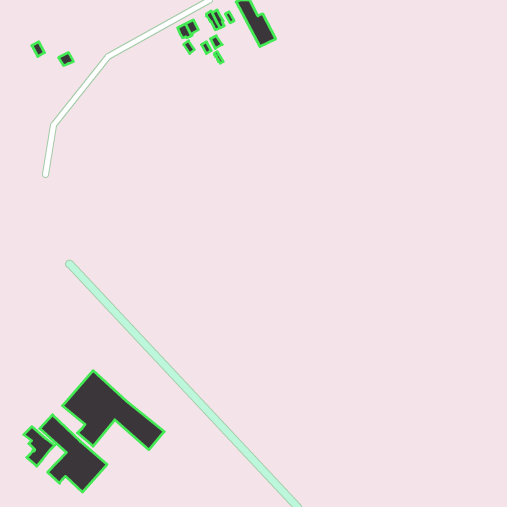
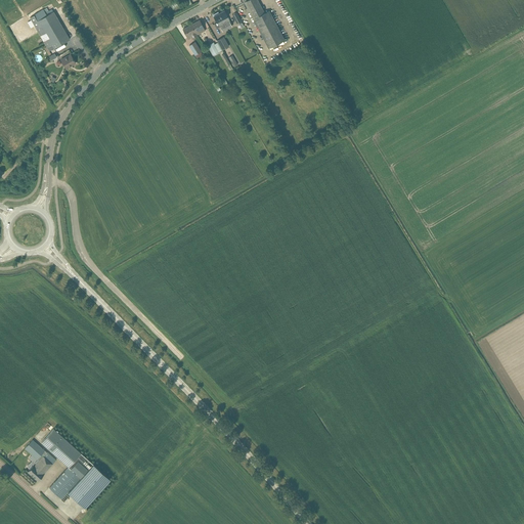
building: none -> [30,8,70,51]
building: [62,371,164,450] -> none

